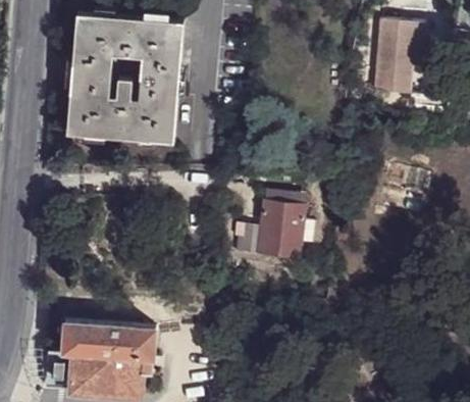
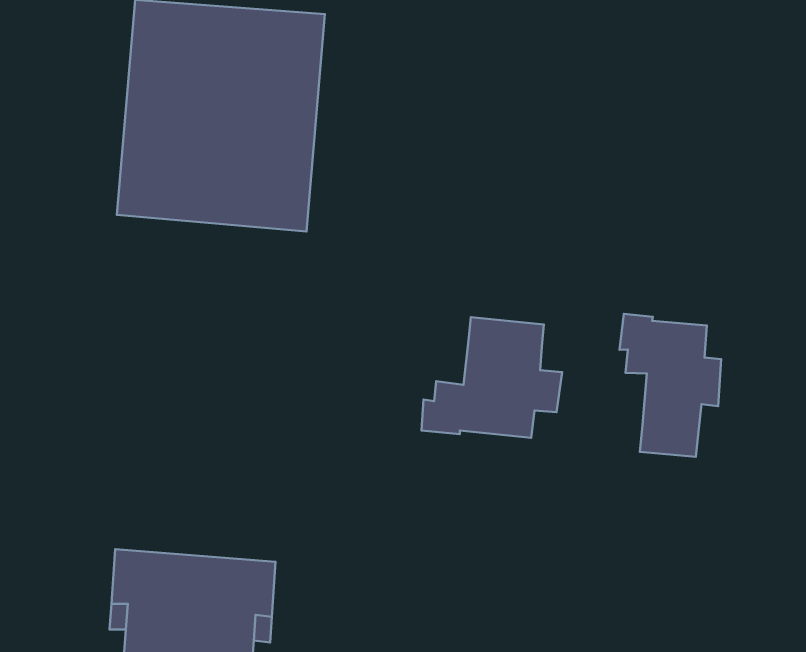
building: [373,20,426,97] -> none
building: none -> [619,314,721,457]

